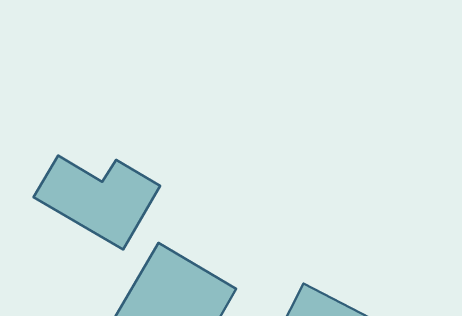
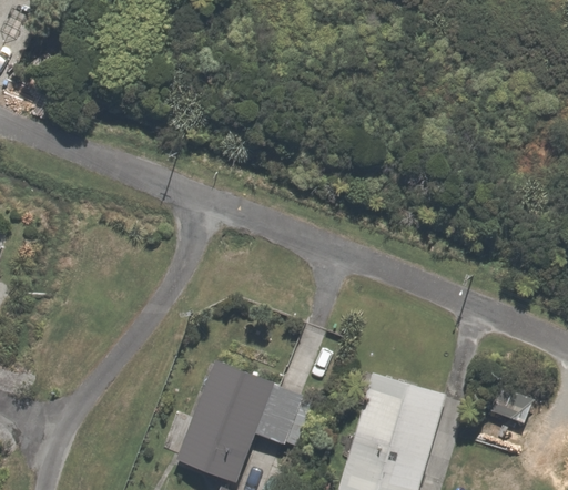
building: [34,156,160,250] -> none

